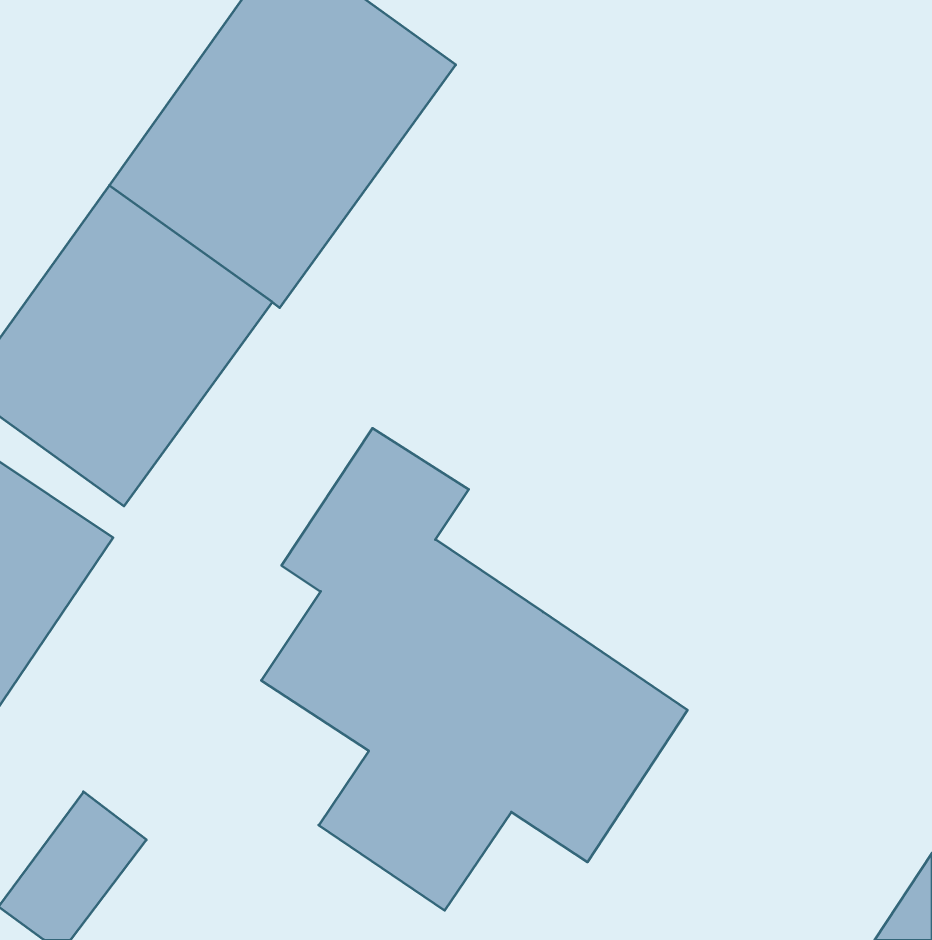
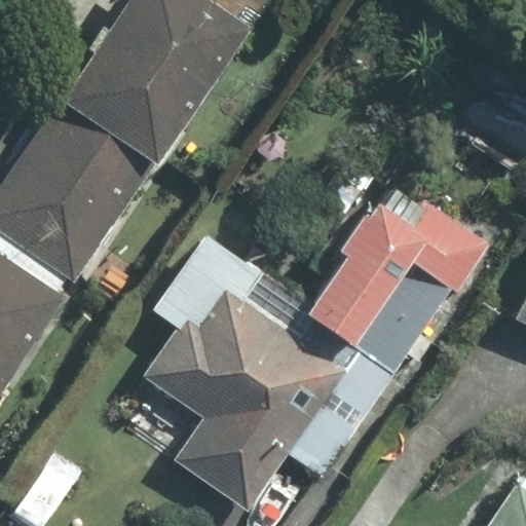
building: none -> [301,192,481,393]

